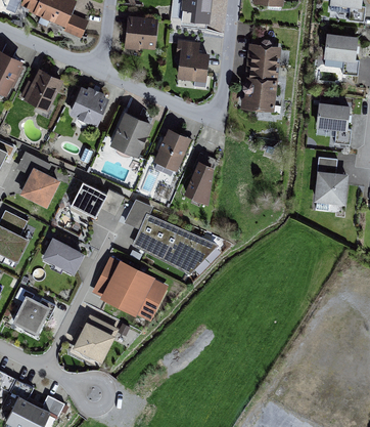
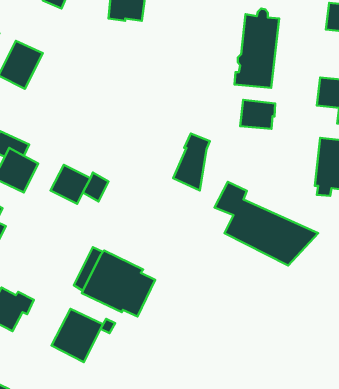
building: [176,40,210,82] -> none
building: [68,86,108,127] -> none
building: [109,112,151,158] -> none
building: none -> [240,100,275,129]
building: [153,128,191,172] -> none
building: [123,199,218,275] -> [214,182,318,266]
building: [41,238,85,275] -> none

